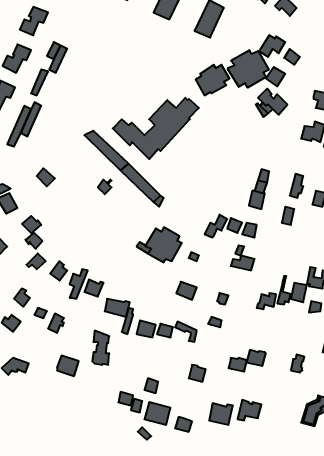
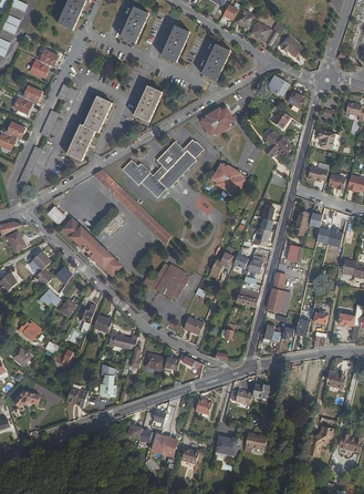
building: none -> [133,84,162,121]
building: [228,50,269,88] -> none
building: none -> [66,94,111,159]
building: none -> [212,162,246,191]
building: none -> [63,218,122,276]
building: none -> [266,271,289,312]

